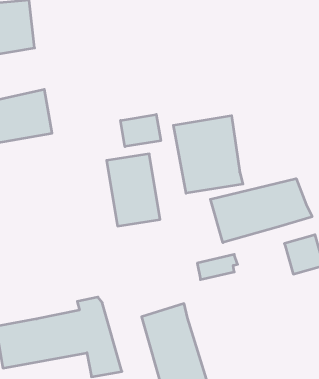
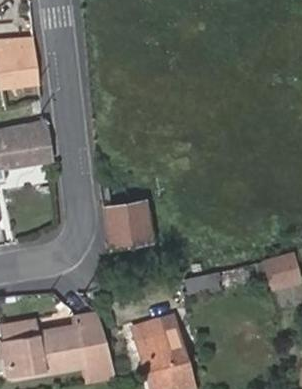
building: [121,114,161,147] -> none
building: [173,116,243,193] -> none
building: [210,179,312,243] -> none

